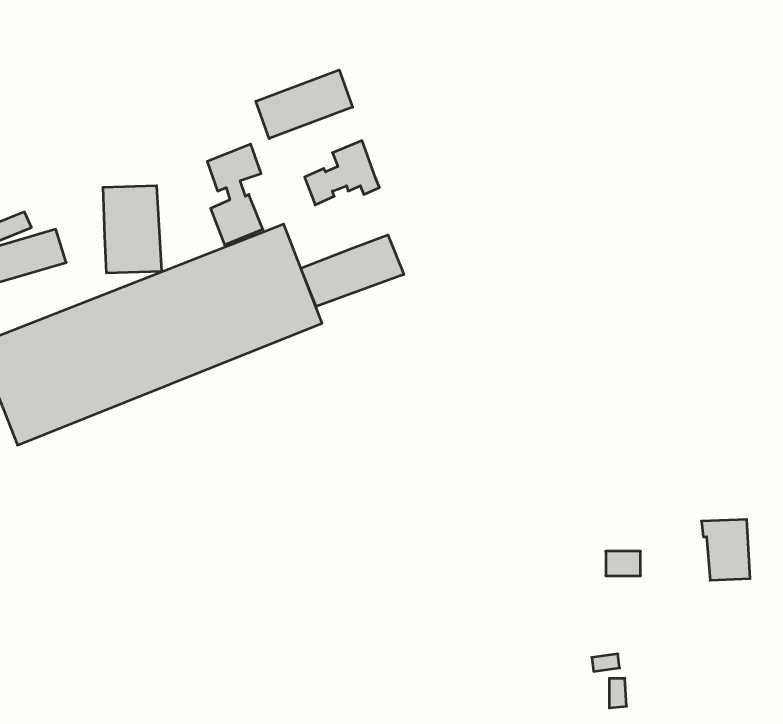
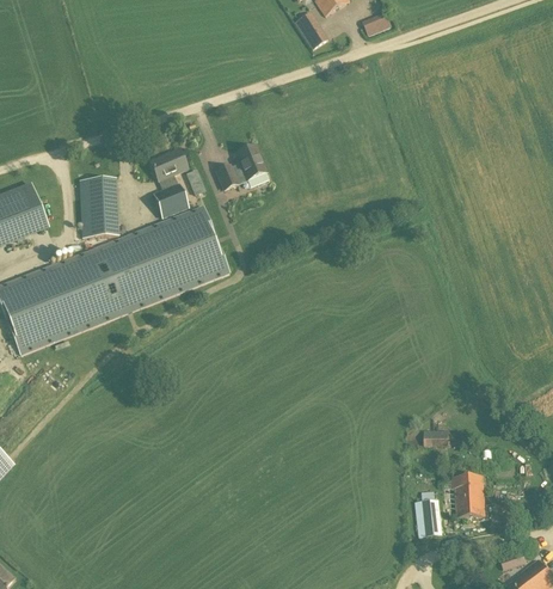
building: [256,70,353,139] -> none
building: [301,235,404,306] -> none
building: [701,519,750,580] -> [451,474,485,516]

